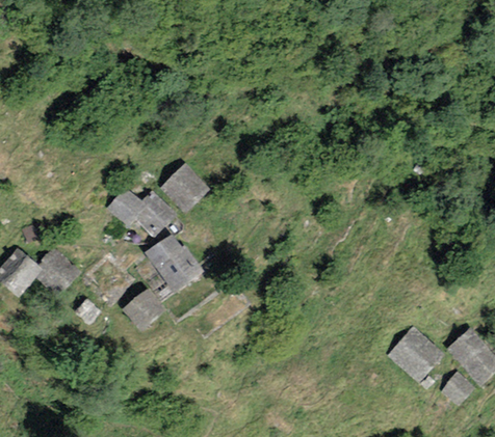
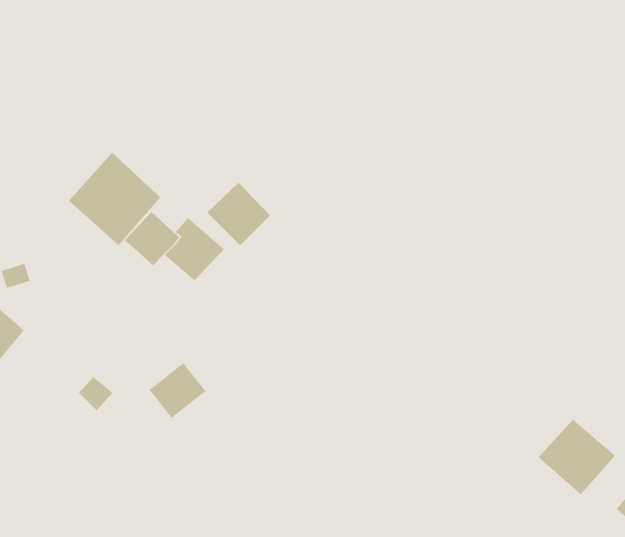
building: none -> [68,152,161,246]
building: [146,235,197,290] -> none
building: [33,250,79,296] -> none

